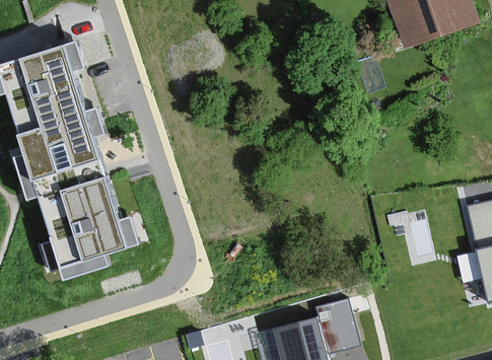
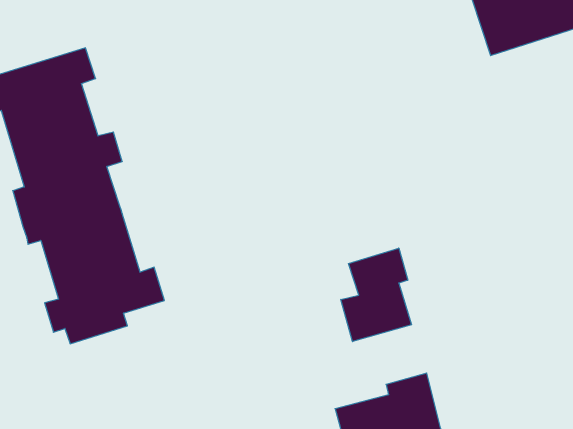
building: none -> [341,248,411,342]

